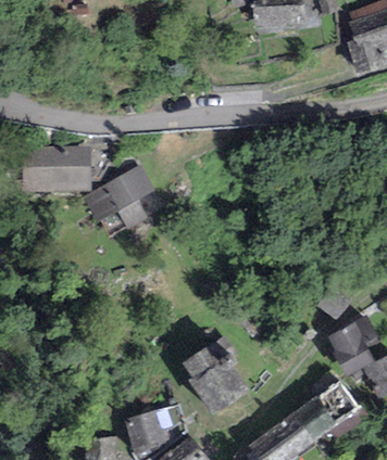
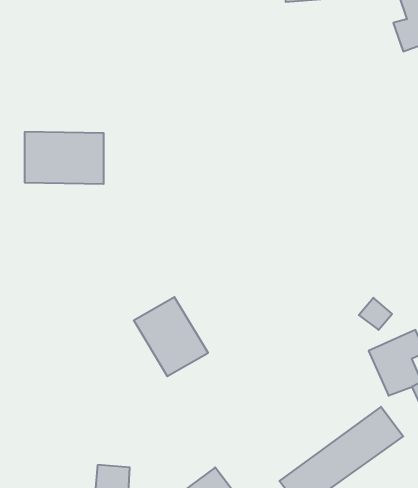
building: [88,168,152,227] -> none
building: [187,342,252,411] -> [134,297,208,376]
building: [127,409,166,449] -> none

